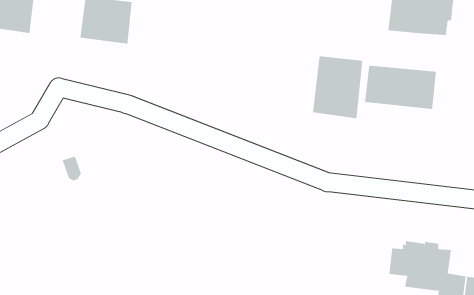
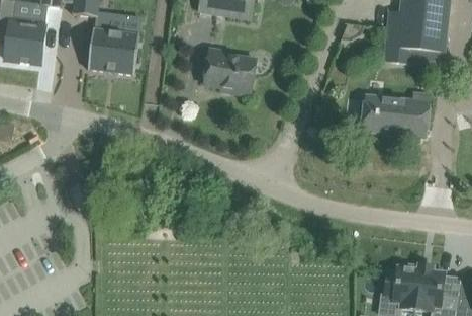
building: none -> [204,47,256,94]
building: [312,56,363,119] -> none

